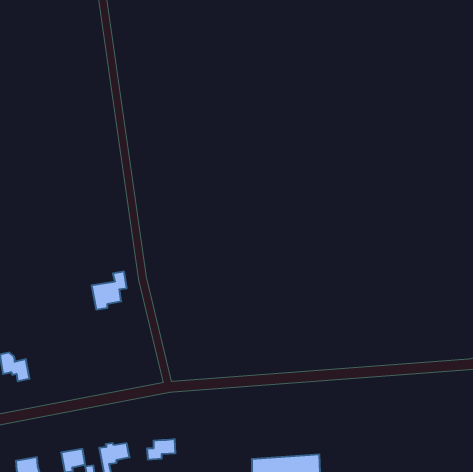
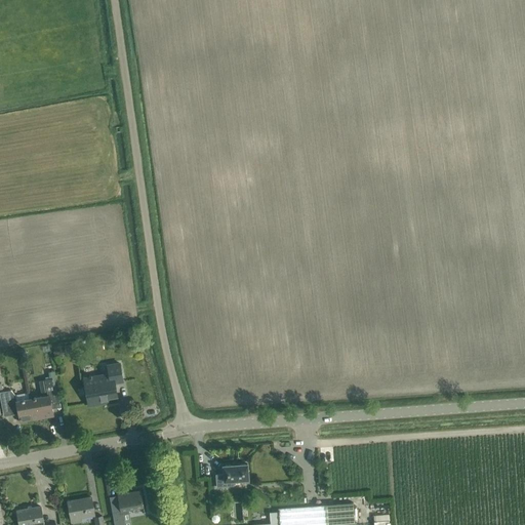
building: [92,272,127,310] -> [84,364,123,406]
building: none -> [29,372,56,420]
building: [147,439,176,459] -> [216,466,248,488]

